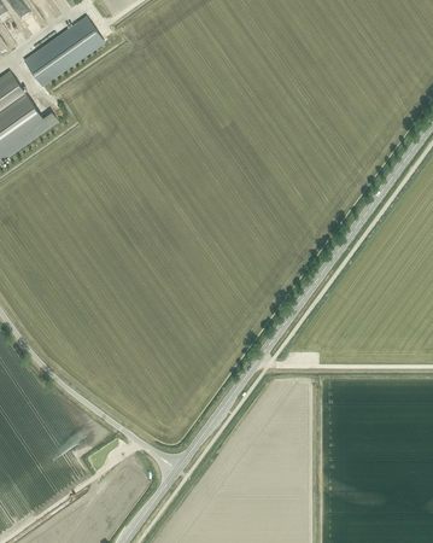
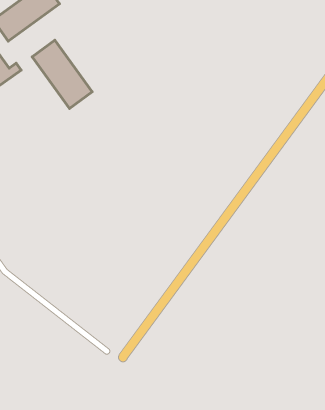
building: none -> [32,40,92,108]

